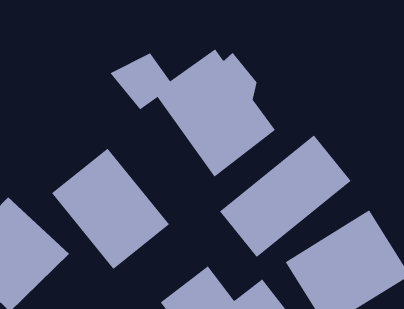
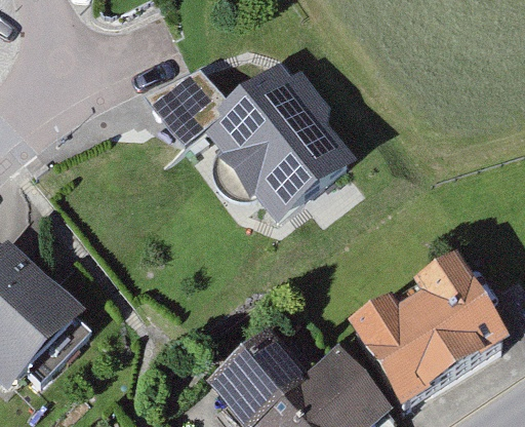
building: [219,134,351,258] -> none
building: [51,148,170,270] -> none

